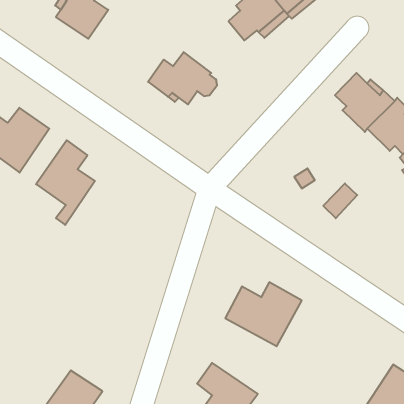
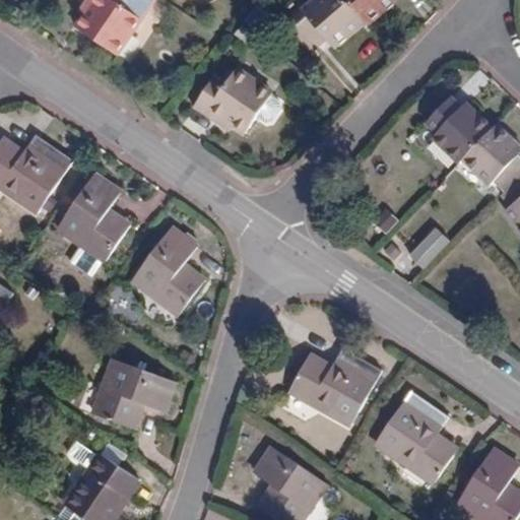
building: none -> [131,226,203,314]
building: none -> [92,360,176,429]
building: none -> [375,391,457,482]

